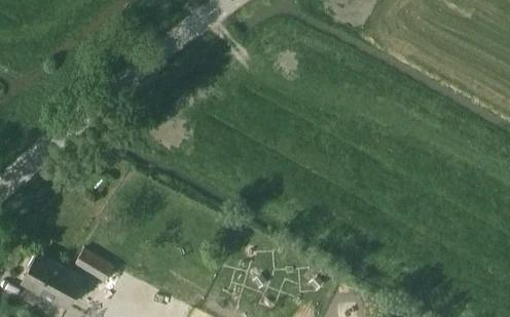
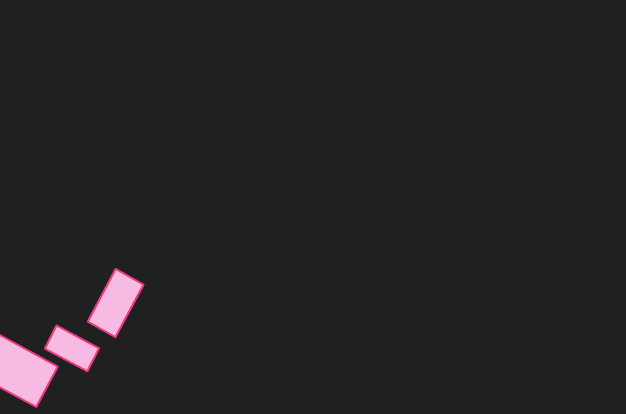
building: none -> [88,269,143,337]

